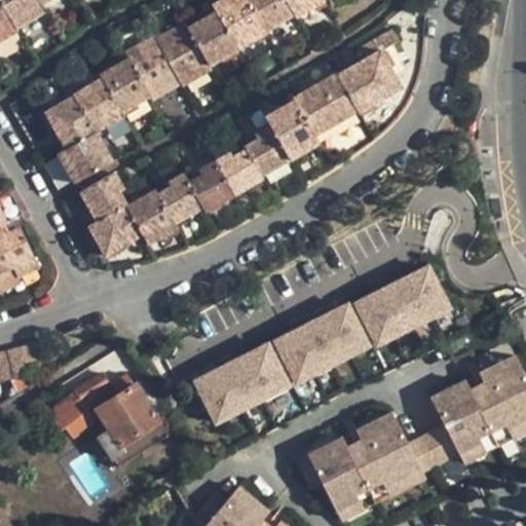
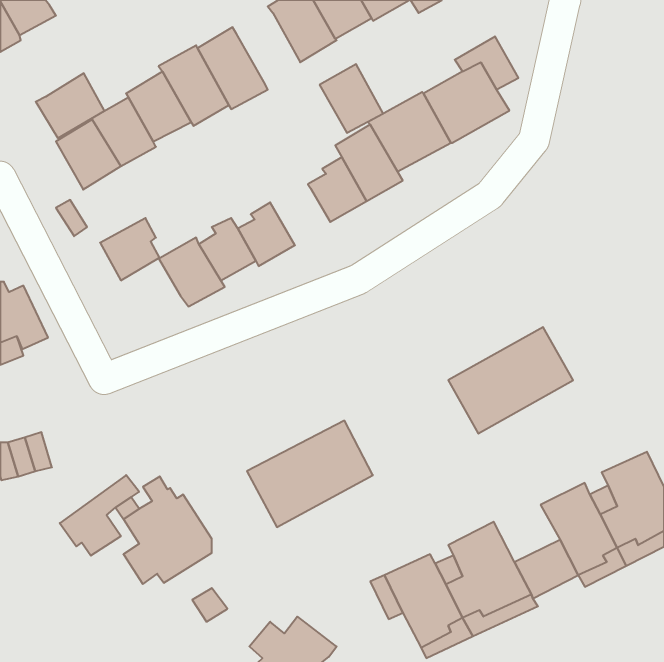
building: [187,11,237,66] -> [320,64,383,133]
building: [58,133,112,184] -> [36,73,105,138]
building: [214,150,263,195] -> none
building: [87,205,143,257] -> none
building: [272,293,373,377] -> none

